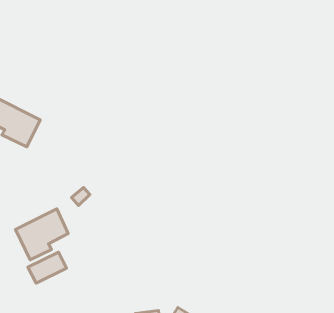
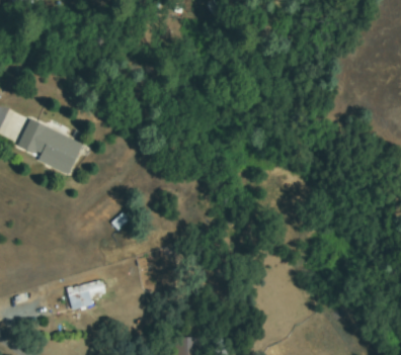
building: [15,209,68,260] -> none

